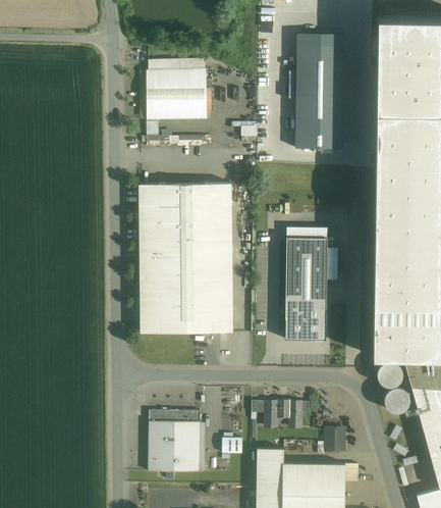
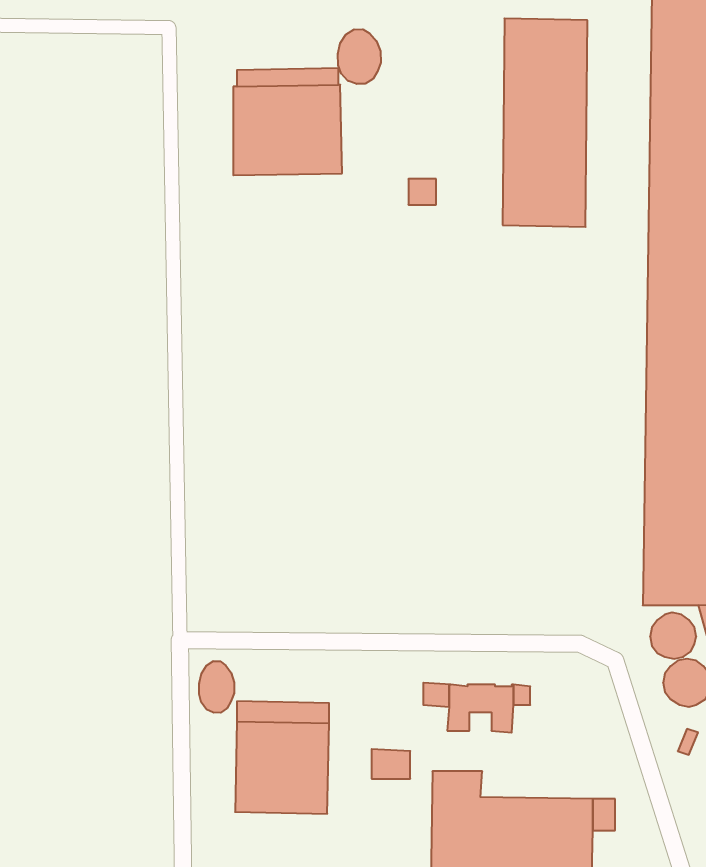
building: none -> [338,29,381,84]
building: [141,185,232,334] -> none
building: [285,228,337,340] -> none
building: none -> [199,661,234,713]
building: [326,429,343,451] -> none

